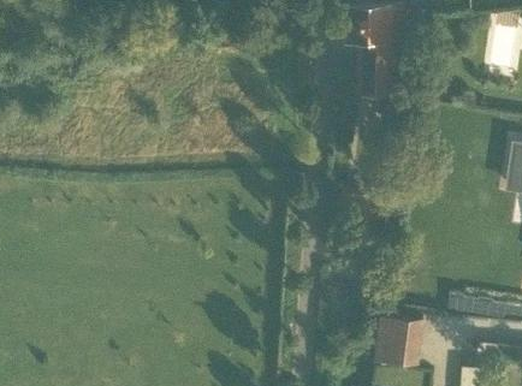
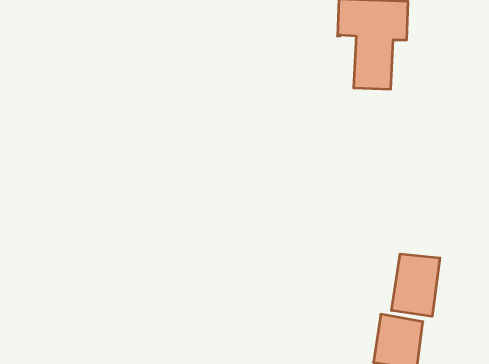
building: none -> [392,254,440,316]

